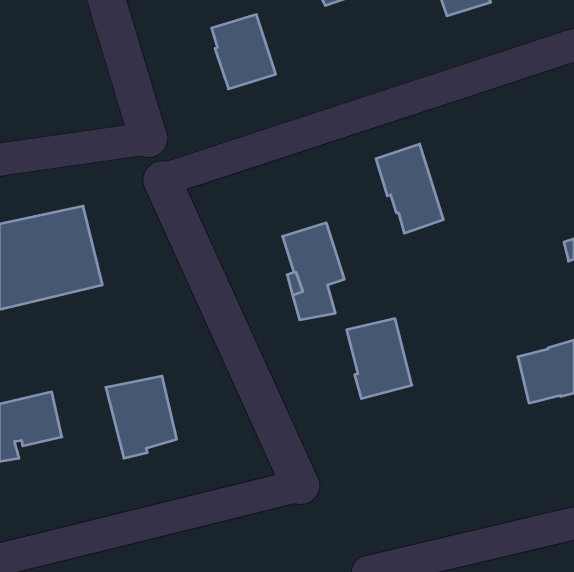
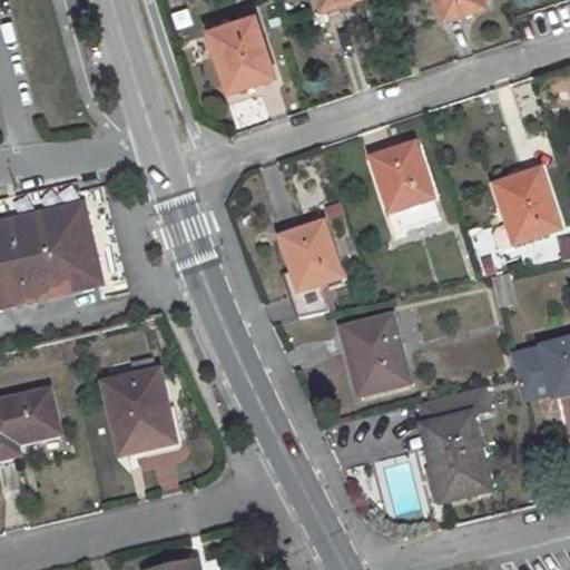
building: none -> [494,169,559,246]
building: none -> [419,386,491,500]

